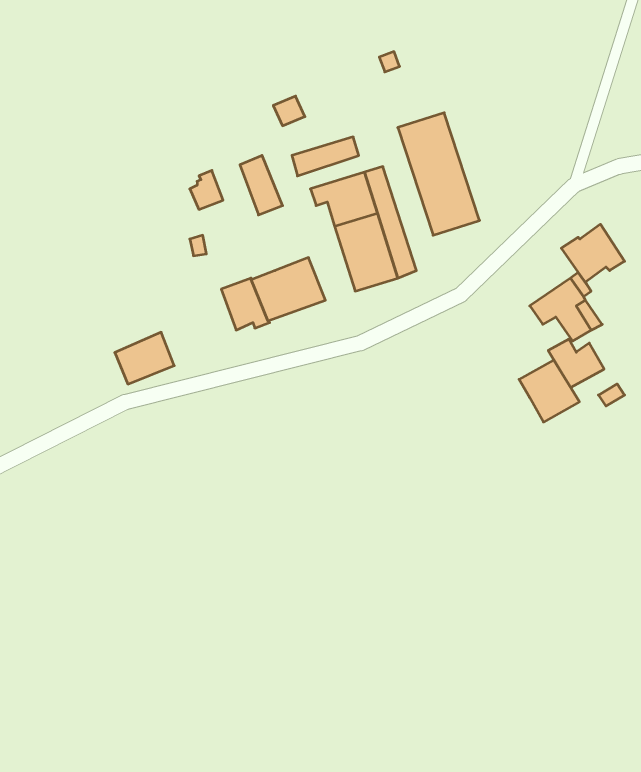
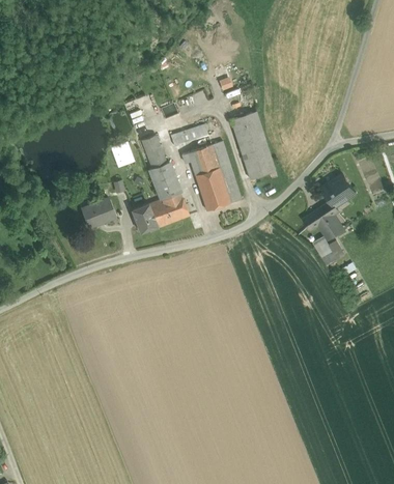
building: none -> [149,163,180,200]
building: [115,332,174,384] -> [82,198,115,227]
building: [519,360,579,422] -> none

